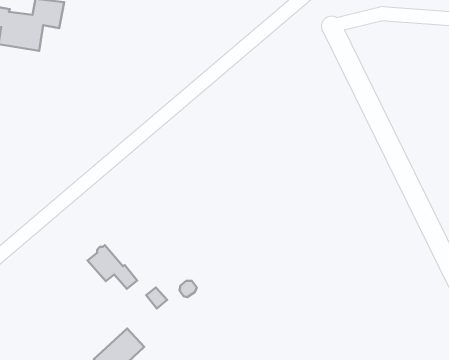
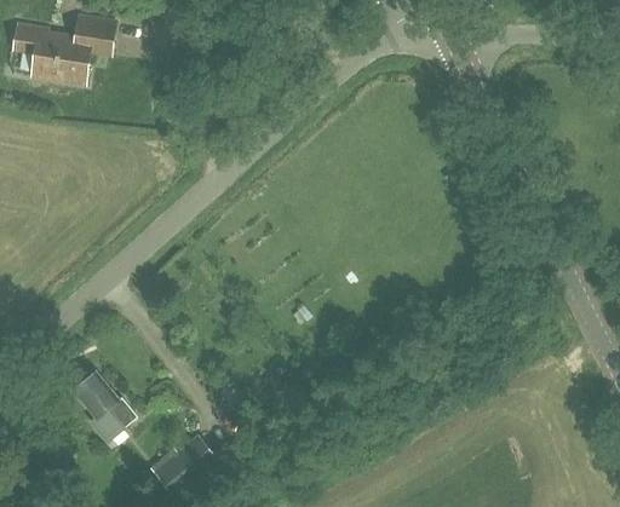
building: [88,245,137,289] -> [73,370,136,426]

